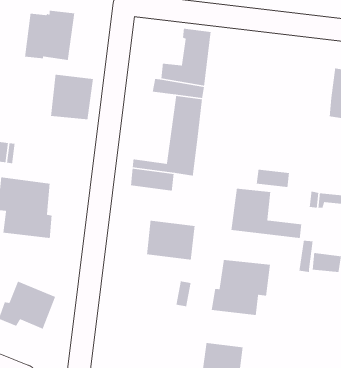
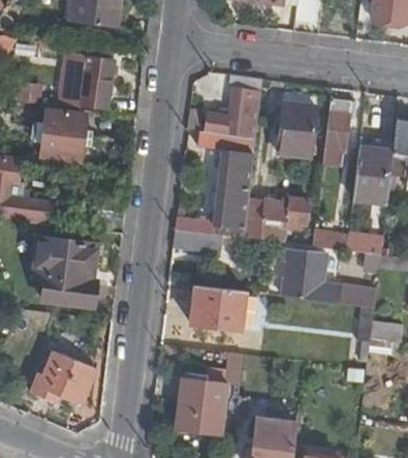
building: none -> [322,98,352,164]
building: none -> [278,101,317,155]
building: [50,74,94,120] -> [39,109,87,159]
building: none -> [353,146,394,202]
building: none -> [244,196,311,242]
building: [211,259,271,316] -> none
building: none -> [177,377,228,432]

